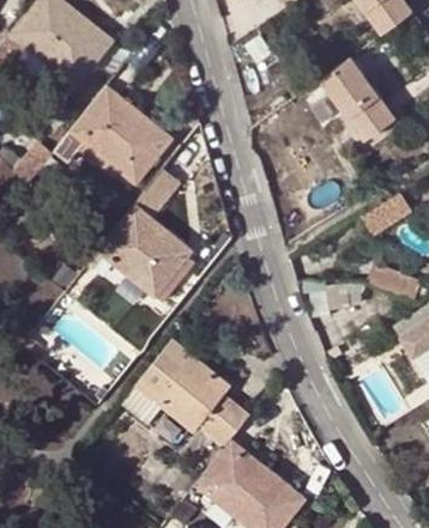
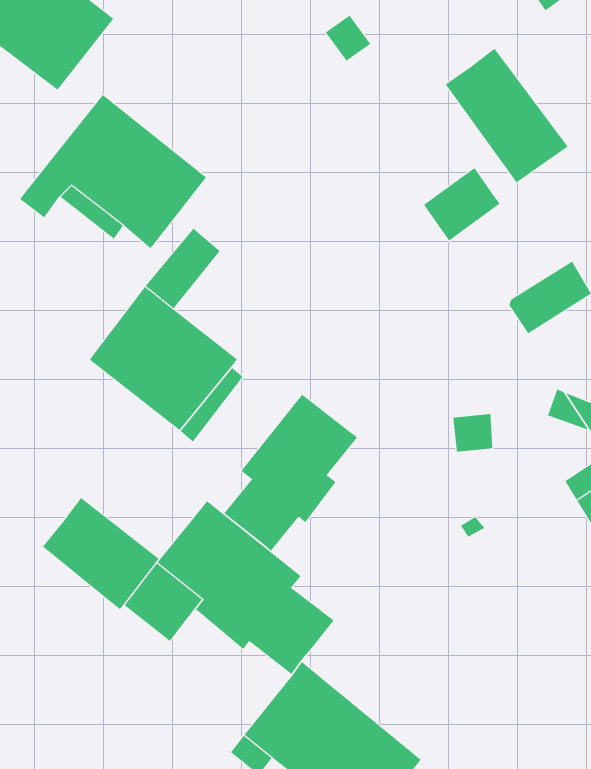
building: none -> [423,167,501,242]
building: none -> [223,394,358,552]
building: none -> [42,497,159,610]

